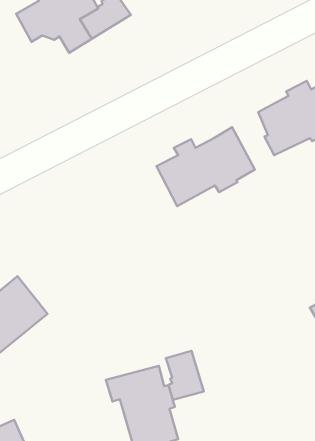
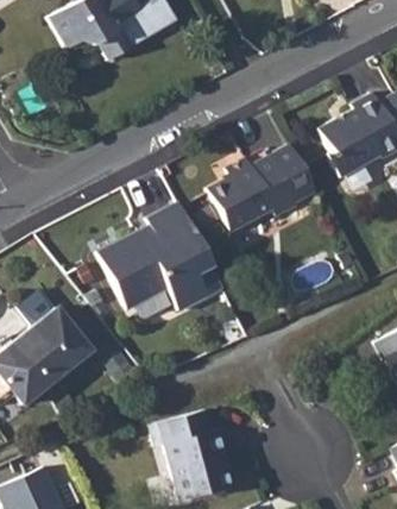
building: none -> [97,202,222,312]
building: [166,351,204,400] -> none

